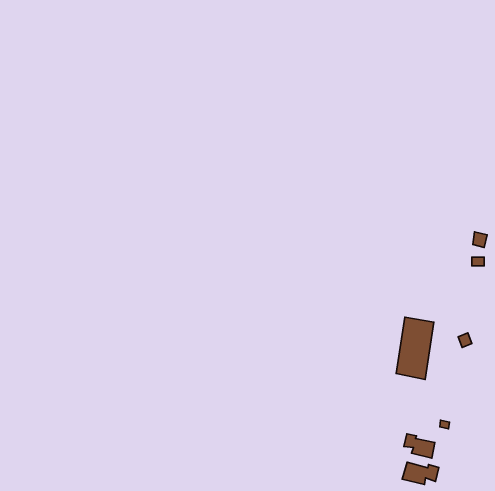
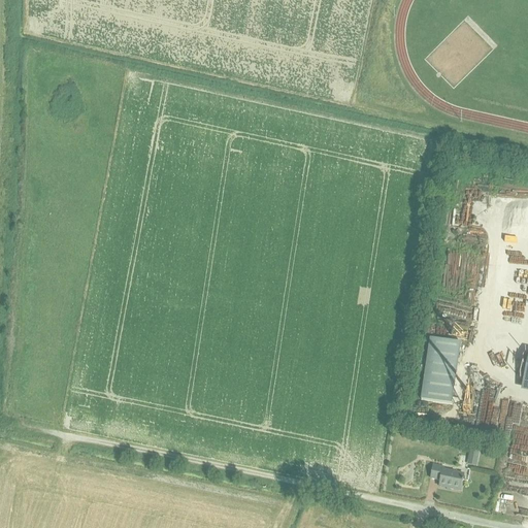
building: [402,462,439,485] -> none

